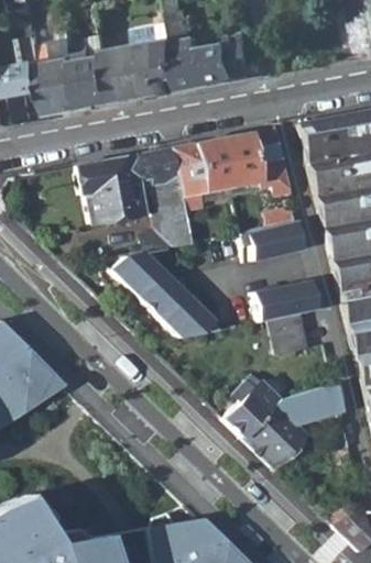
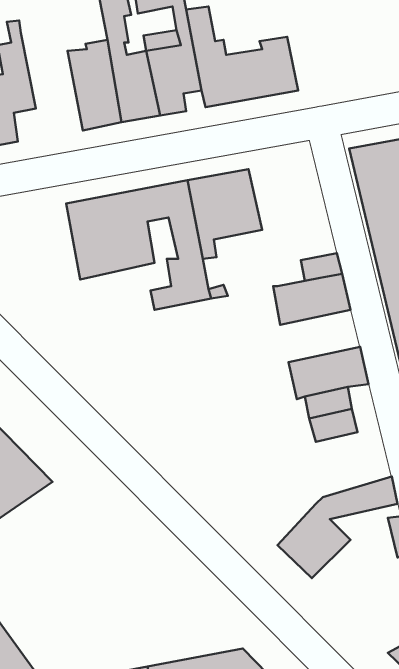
building: [41,26,90,113] -> none
building: [222,129,290,196] -> none
building: [101,251,225,339] -> none
building: [225,382,276,439] -> none

